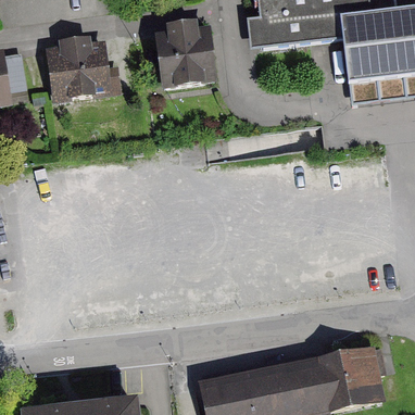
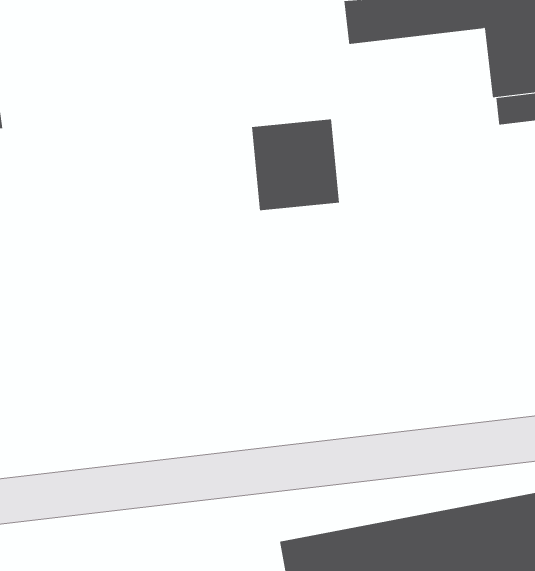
building: [159,24,218,86] -> [251,119,340,211]
building: [47,35,110,97] -> none

